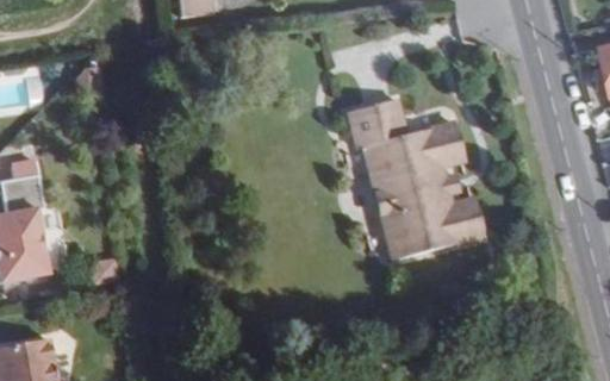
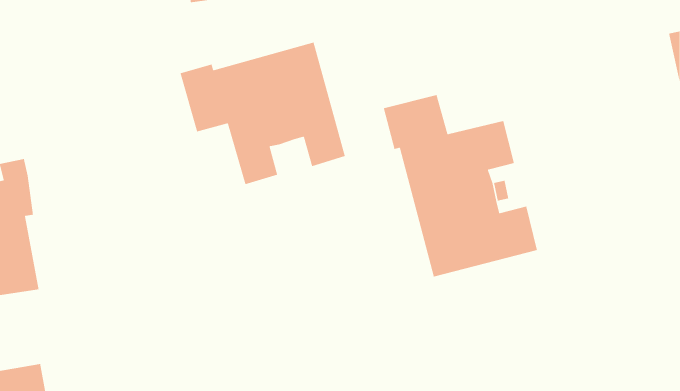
building: none -> [180,41,346,185]

